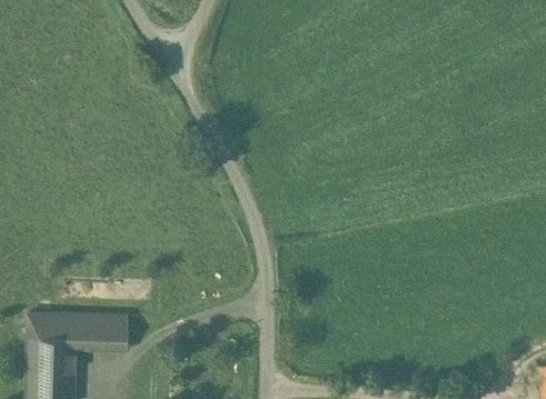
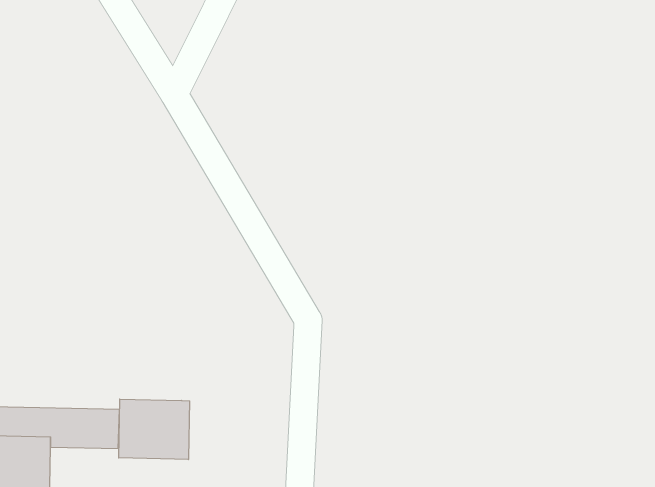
building: none -> [119,399,190,460]

